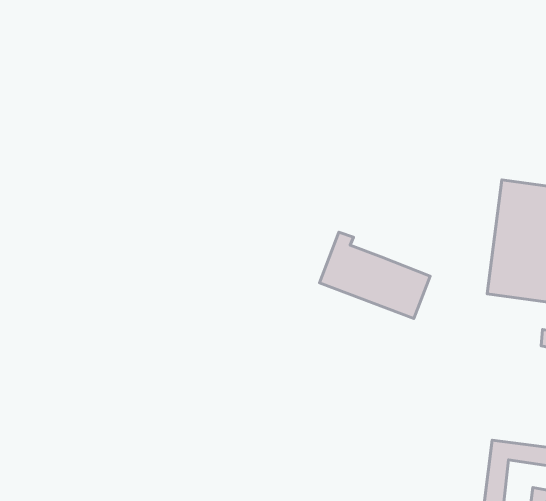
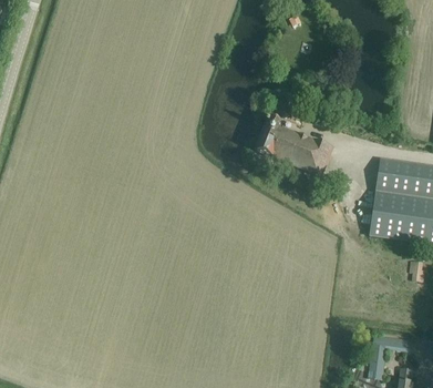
building: [319,232,430,319] -> [256,118,331,176]

